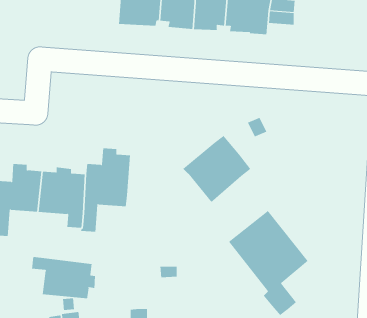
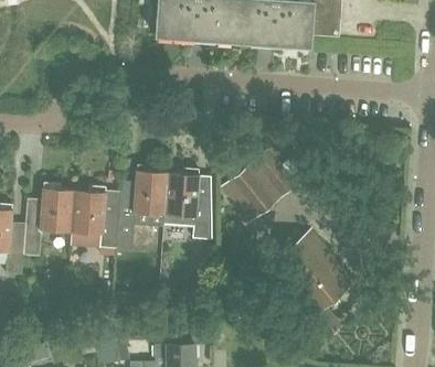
building: none -> [165,170,212,240]
building: [31,256,95,299] -> none

